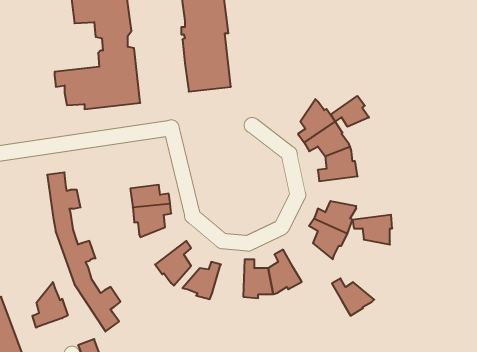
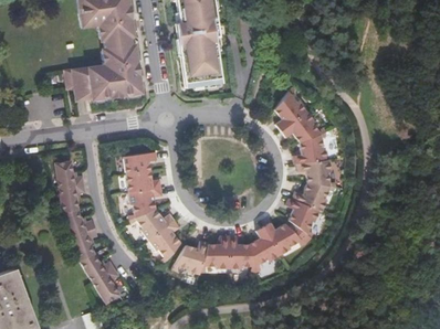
building: [331,96,369,127] -> none
building: none -> [127,150,161,173]
building: [353,215,392,245] -> [297,162,333,189]
building: none -> [138,208,179,241]
building: none -> [202,235,231,269]
building: [332,278,374,316] -> [265,223,303,256]
building: [32,282,68,328] -> none

